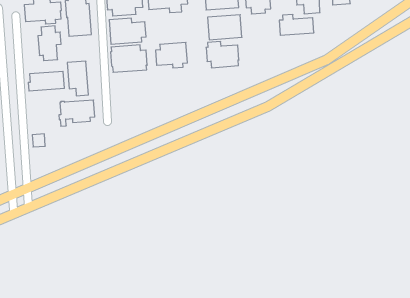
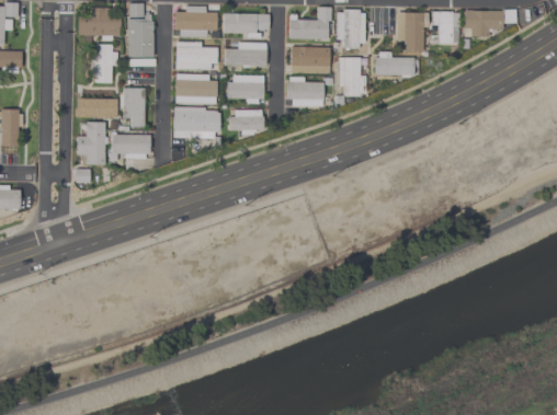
building: none -> [225,43,265,67]
building: none -> [338,57,365,96]
building: none -> [229,109,262,134]
building: none -> [173,106,219,138]
building: none -> [77,122,105,164]

